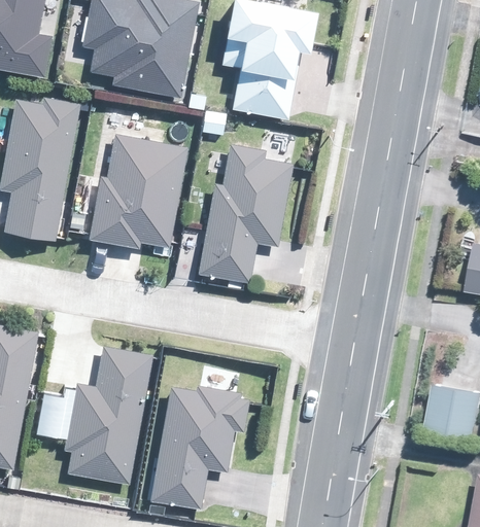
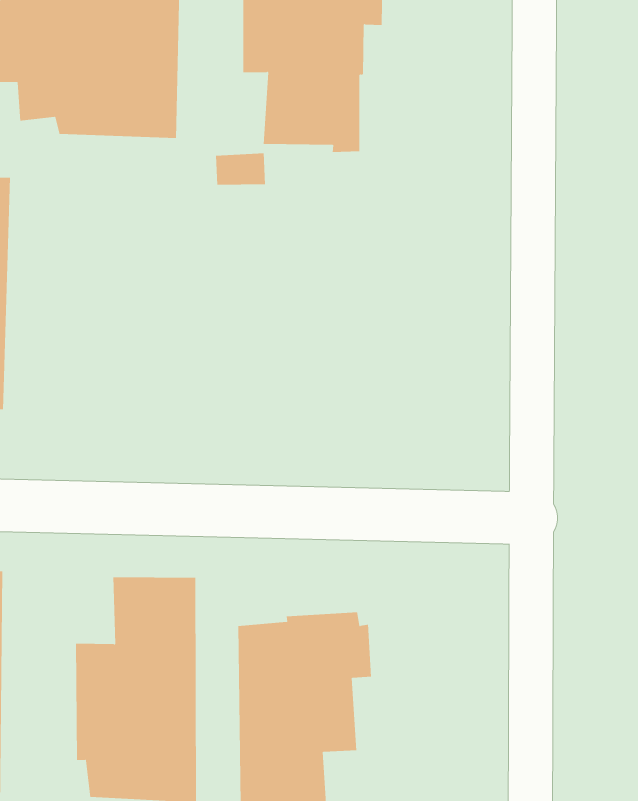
building: [87,112,188,248] -> none
building: [196,133,297,282] -> none

